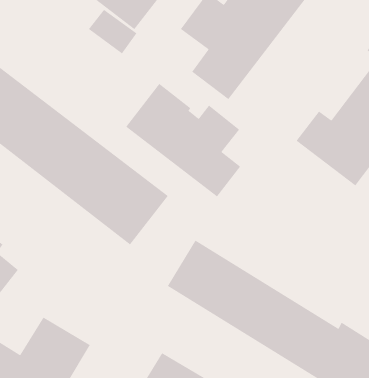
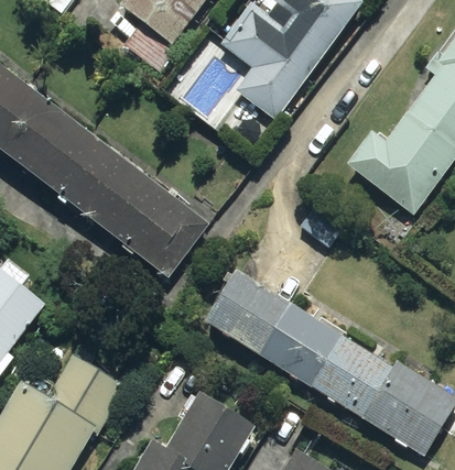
building: [125,83,241,197] -> none

